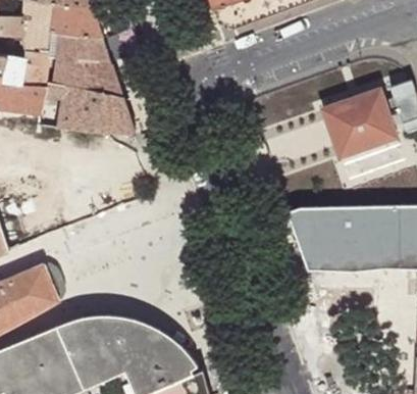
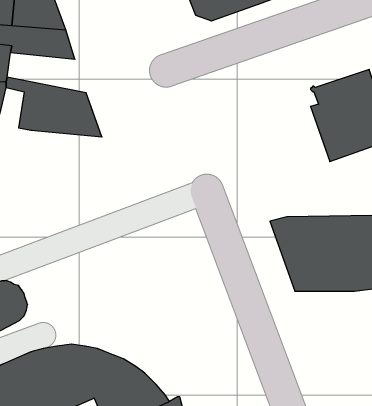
building: [47,57,118,94] -> none

